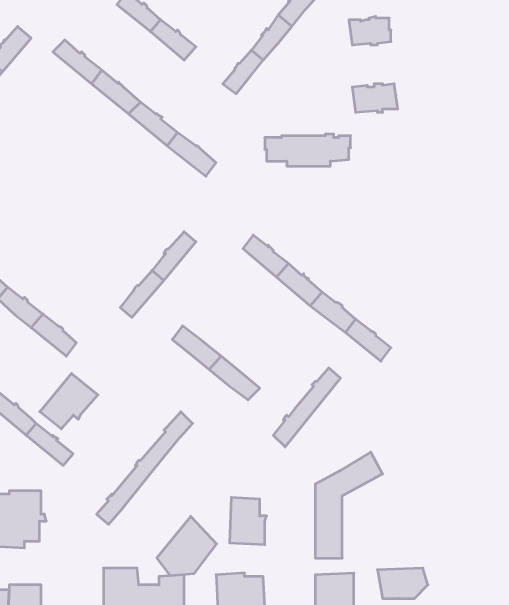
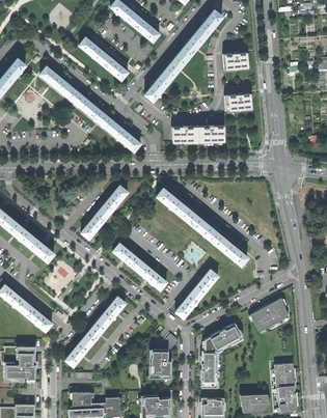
building: [40,373,98,429] -> none
building: none -> [250,297,289,331]
building: [157,516,217,576] -> none
building: none -> [275,362,299,411]

